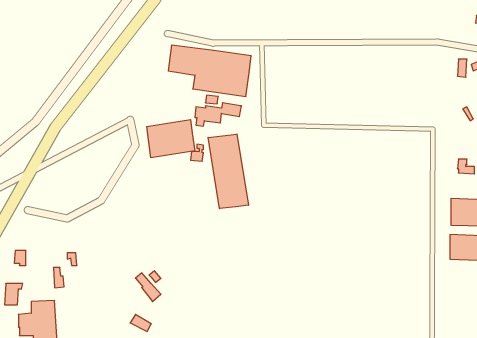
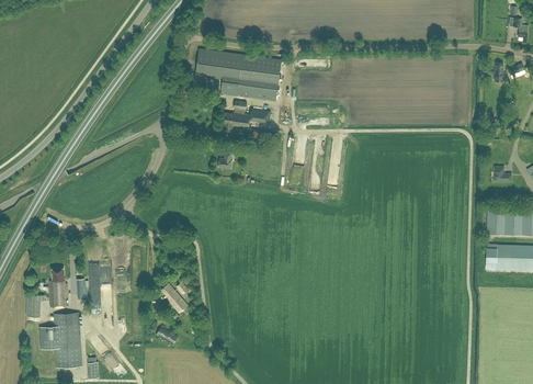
building: [147,120,195,158] -> none
building: [208,134,248,209] -> none
building: none -> [49,268,68,306]

